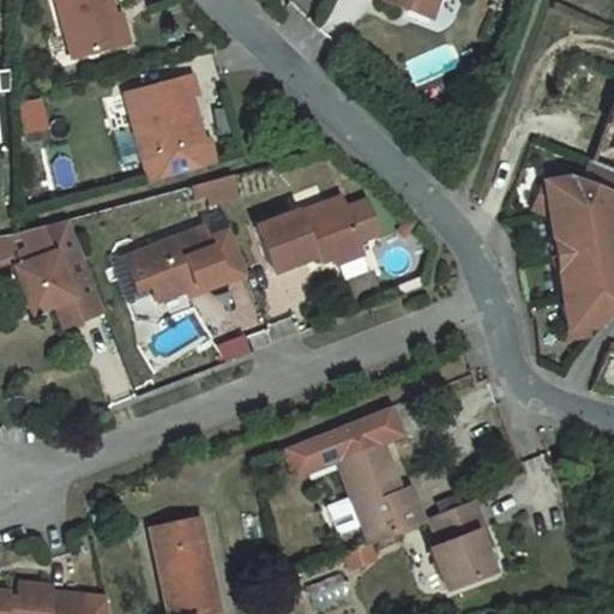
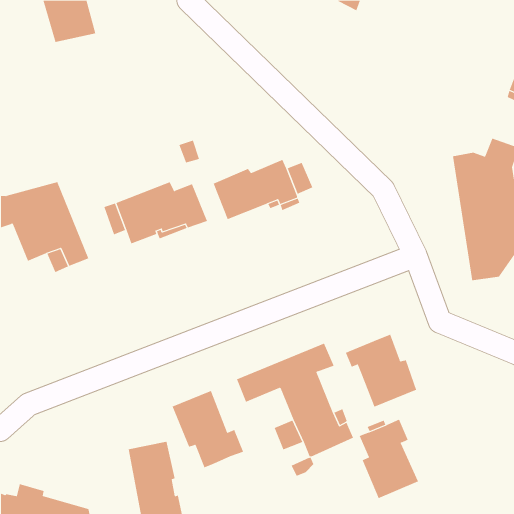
building: [126,68,218,176] -> none
building: none -> [345,334,417,408]
building: none -> [172,390,244,468]

